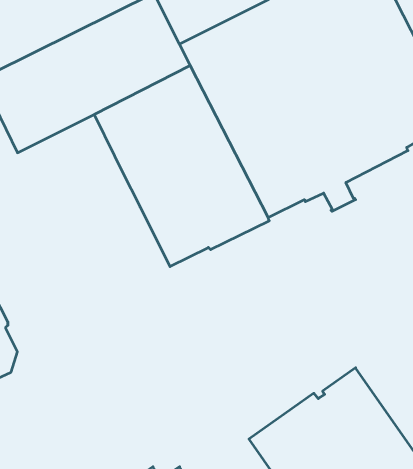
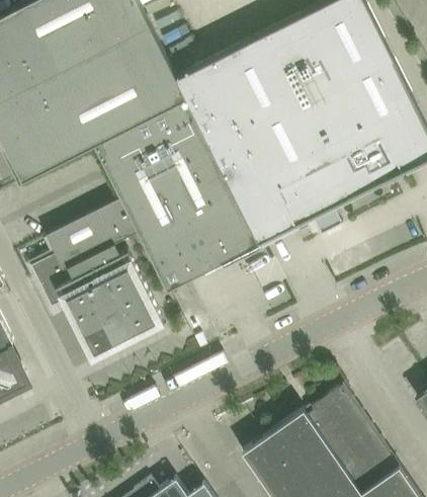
building: none -> [30,198,164,360]

